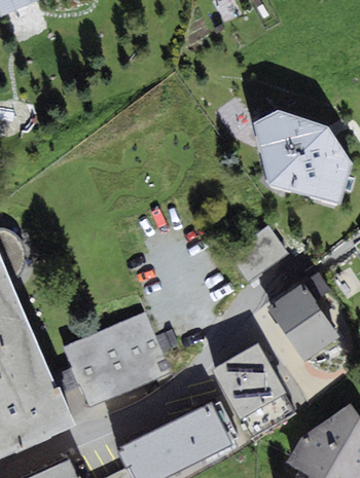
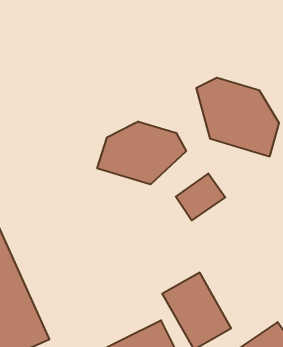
building: none -> [97,121,186,184]
building: [266,283,339,362] -> none
building: [64,311,171,406] -> none

